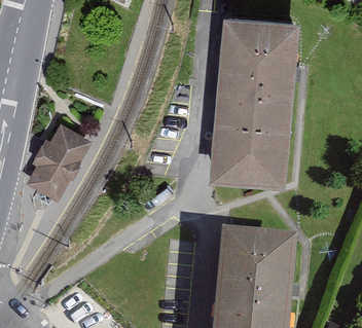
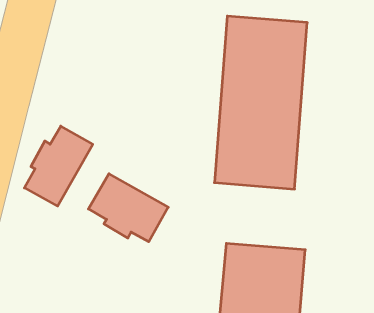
building: none -> [88,174,168,242]

